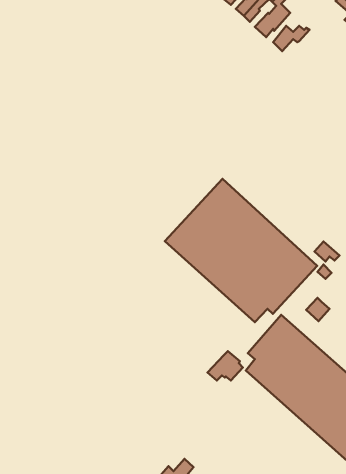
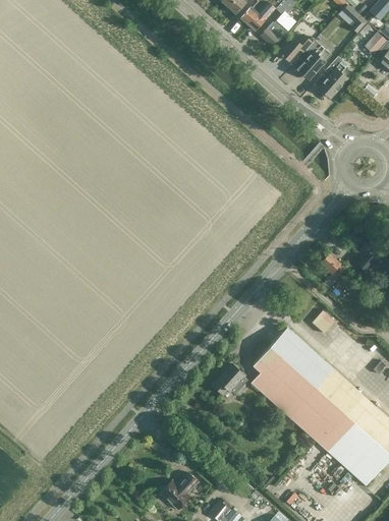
building: none -> [296,39,331,77]
building: none -> [318,55,347,98]
building: [165,179,317,322] -> none

